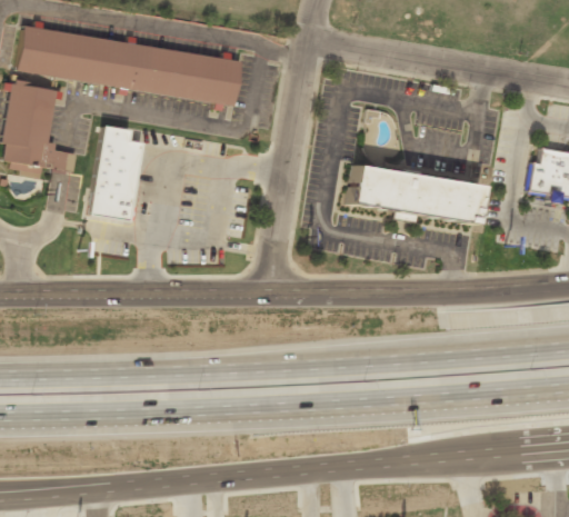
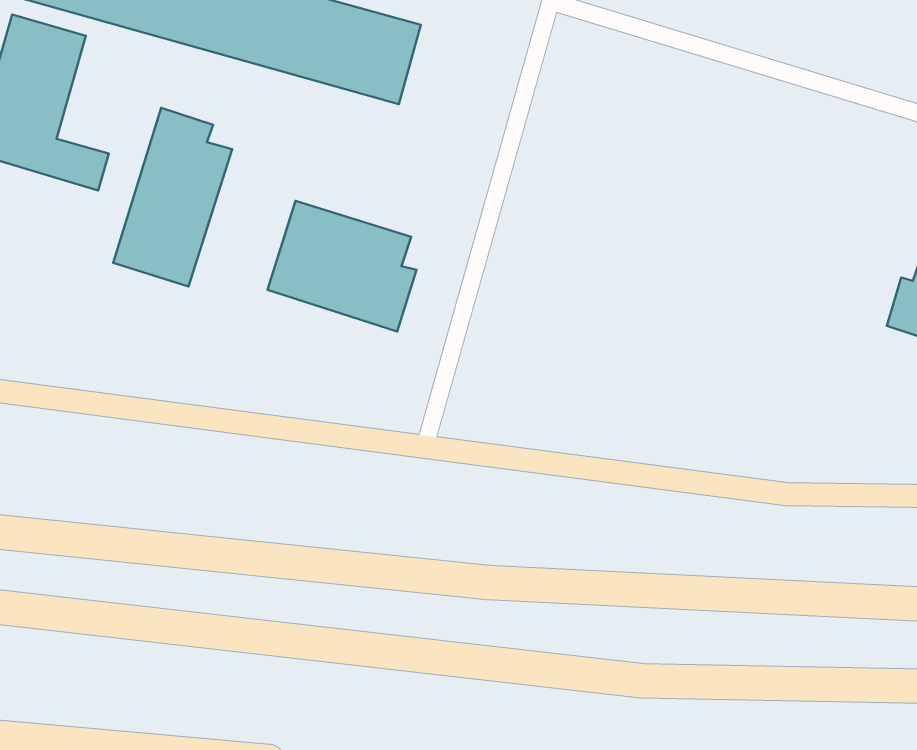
building: none -> [268,201,416,332]
building: [349,168,477,222] -> none

